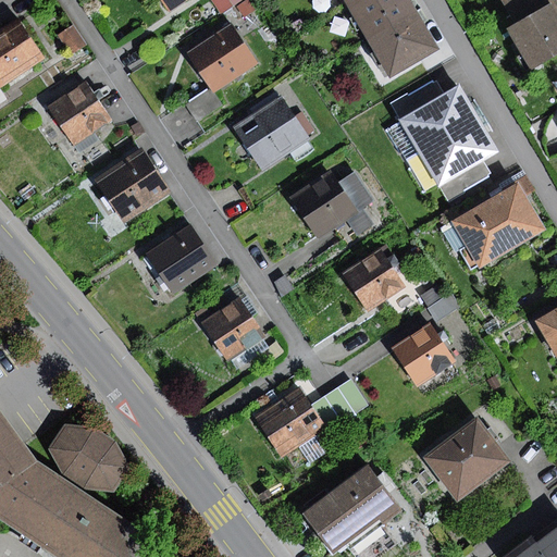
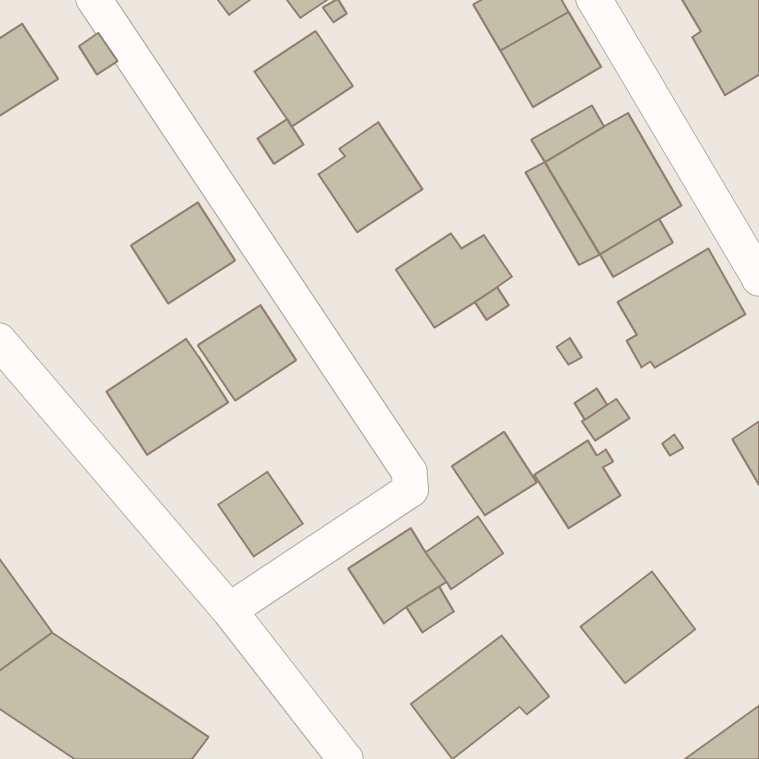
building: [46,78,112,152] -> none
building: none -> [107,339,228,455]
building: [342,248,404,309] -> [452,432,537,515]
building: [201,297,263,359] -> [218,472,303,557]
building: [48,425,129,496] -> none

